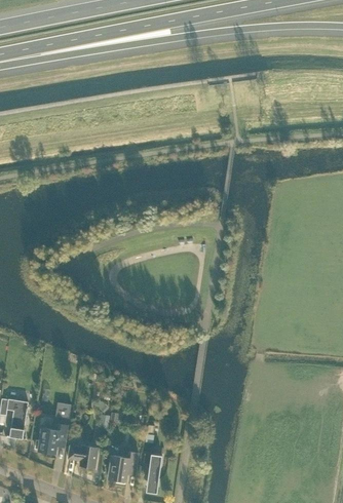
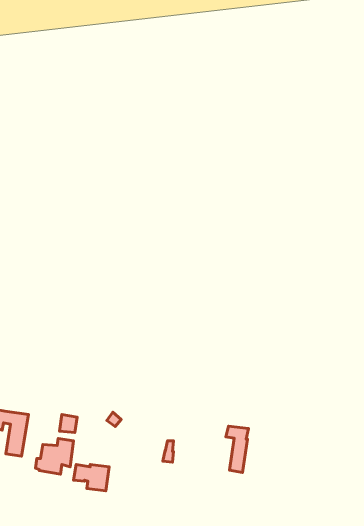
building: [107,452,137,485] -> none
building: [142,455,161,495] -> [226,426,249,473]

